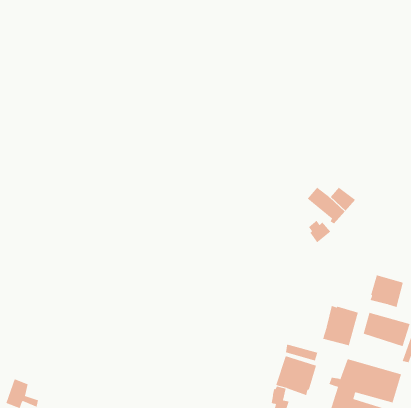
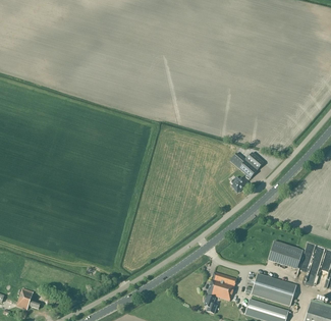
building: [370,275,404,308] -> none
building: [322,305,358,346] -> none

